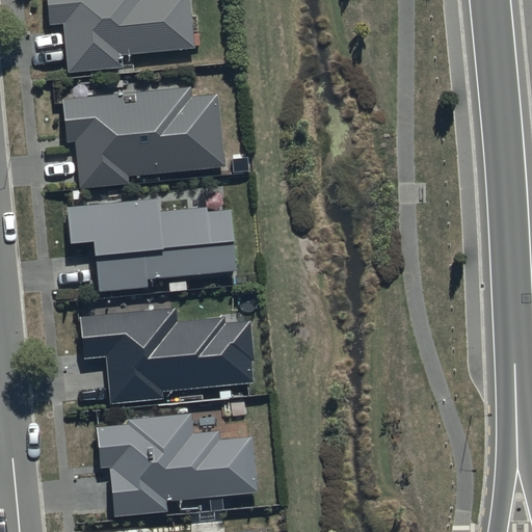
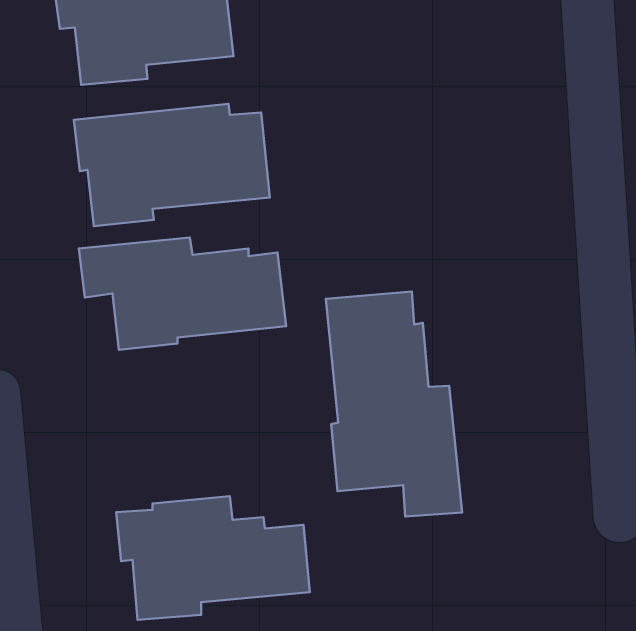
building: none -> [326,292,462,517]
building: [79,308,255,404] -> none

